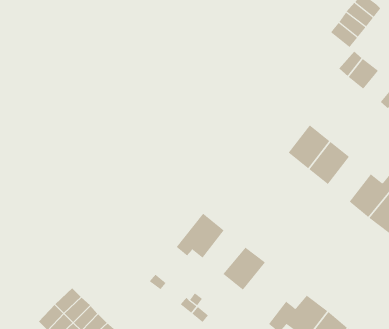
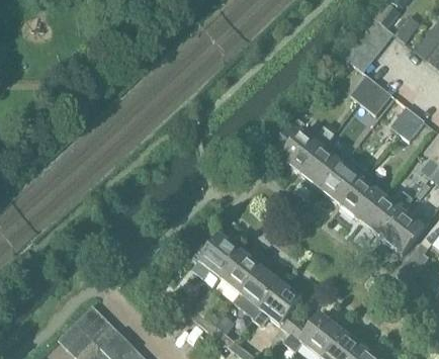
building: none -> [274,125,336,175]
building: none -> [342,179,383,222]
building: none -> [219,251,261,293]
building: none -> [259,282,300,342]

